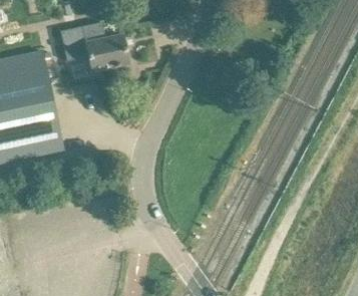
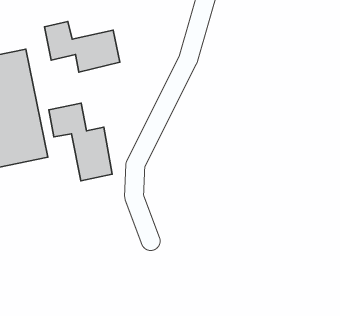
building: none -> [49,103,112,181]

